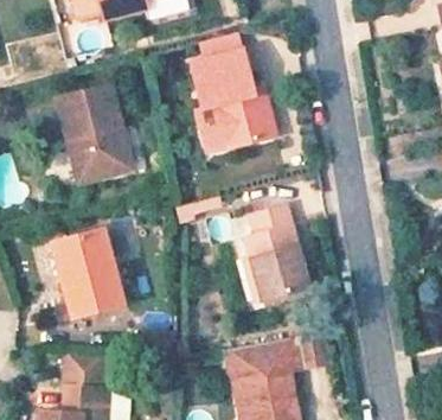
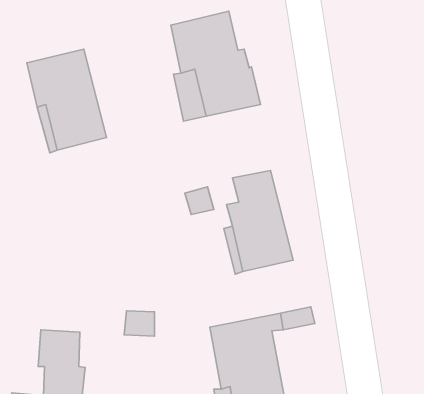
building: [50,227,123,319] -> none

